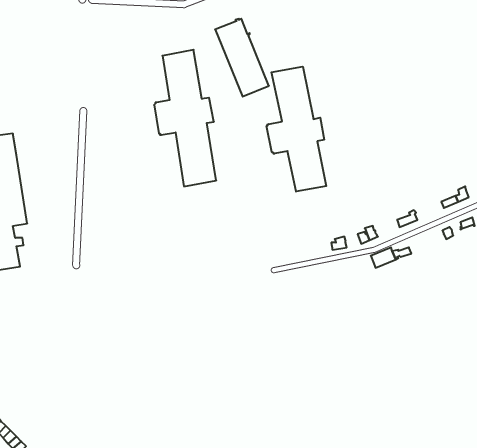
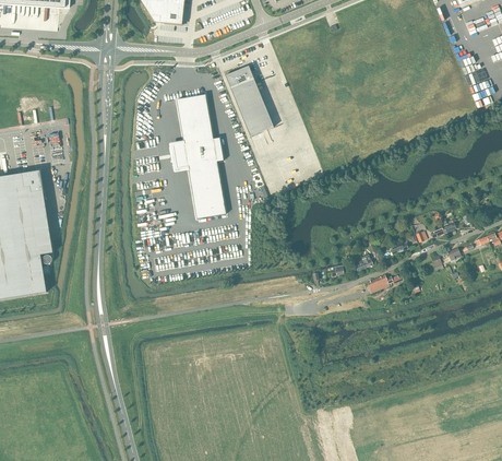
building: [267,67,326,192] -> none

